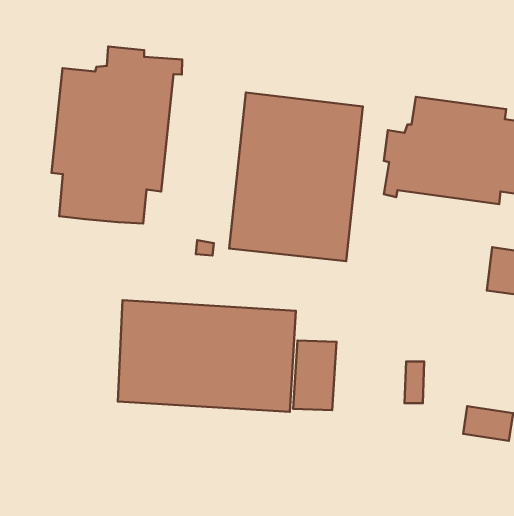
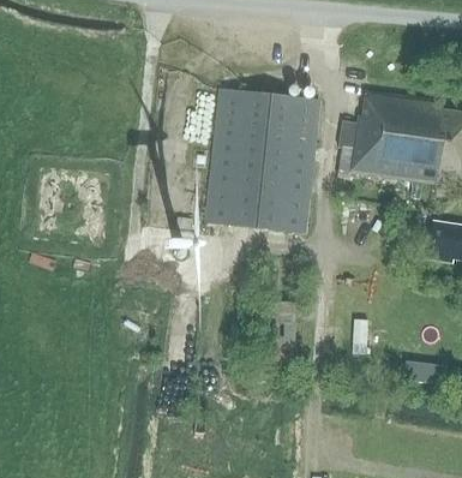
building: [51,46,182,223] -> none
building: [118,300,296,412] -> none

